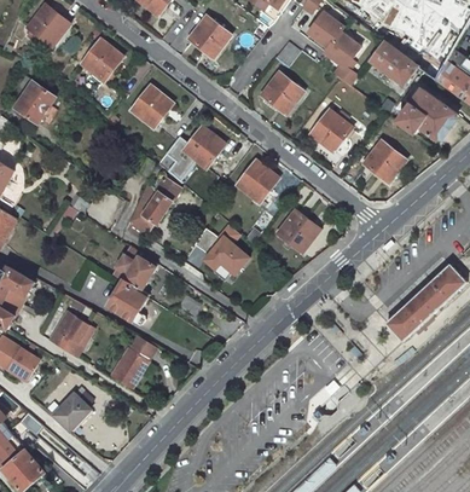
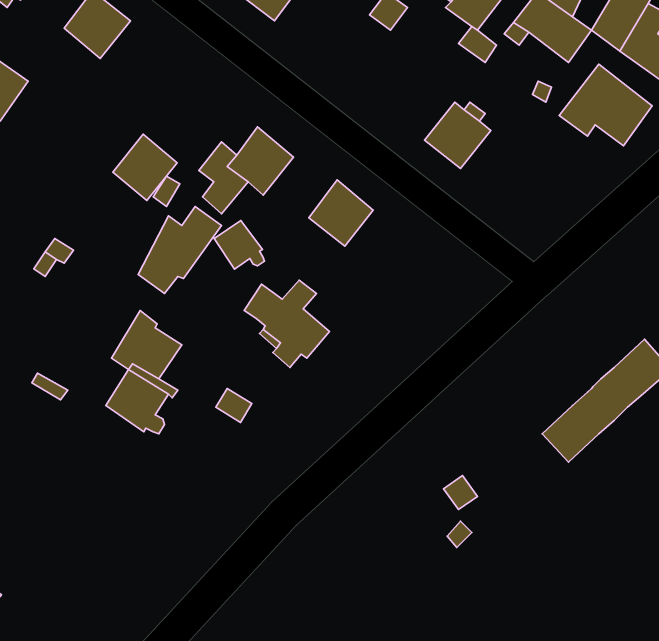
building: [261,71,303,112] -> none
building: [130,86,172,128] -> [113,134,177,201]
building: [362,138,406,180] -> none
building: none -> [214,221,265,269]
building: [277,209,319,251] -> none
building: [45,313,91,358] -> none
building: [106,336,152,392] -> none
building: [51,392,87,429] -> none

